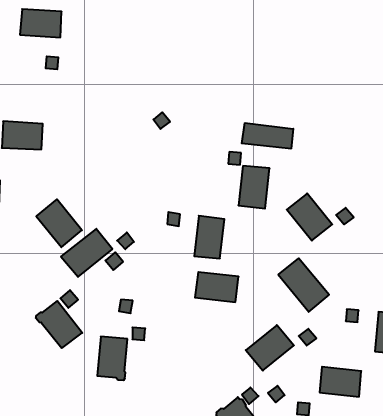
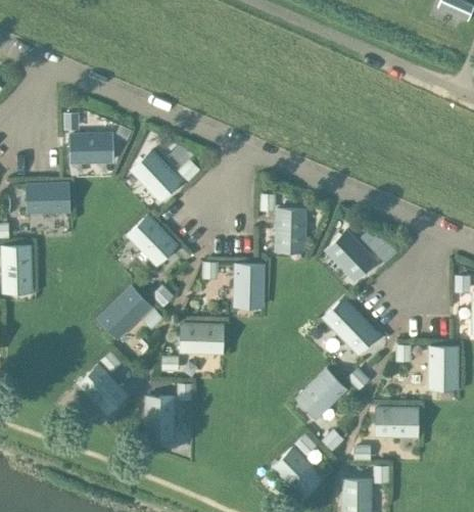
building: [20,9,62,37] -> [72,135,113,162]
building: none -> [133,151,181,200]
building: [242,123,293,149] -> none
building: [36,199,82,247] -> [129,216,177,265]
building: [195,272,239,302] -> [181,325,224,353]

